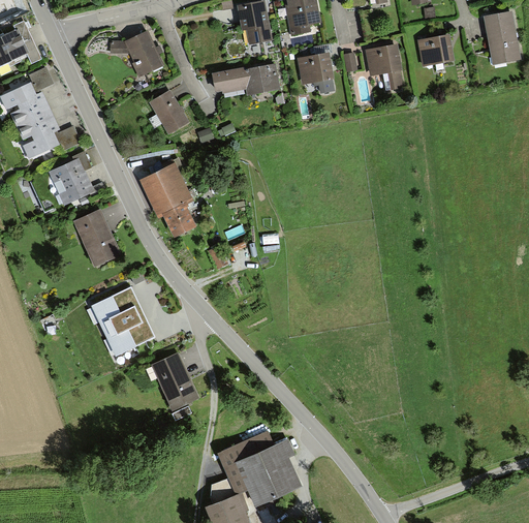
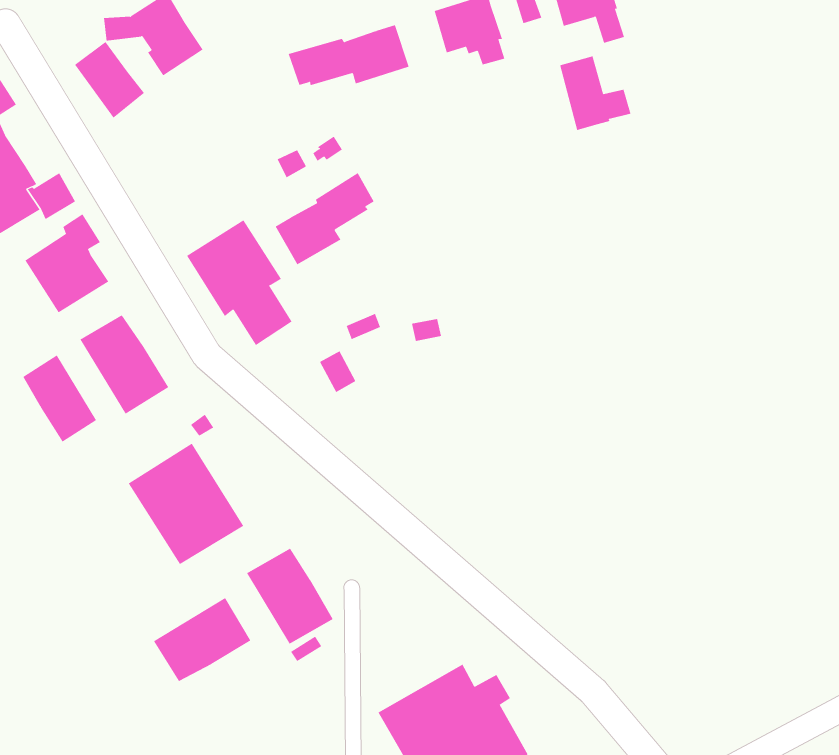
building: [150,89,188,133] -> [74,41,145,119]
building: none -> [560,55,631,131]
building: none -> [275,172,374,265]
building: none -> [22,354,97,443]
building: none -> [153,597,251,682]

